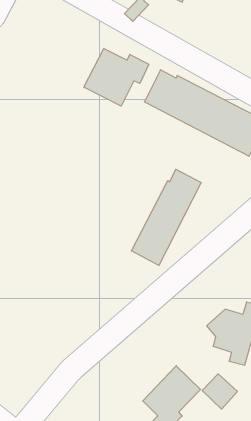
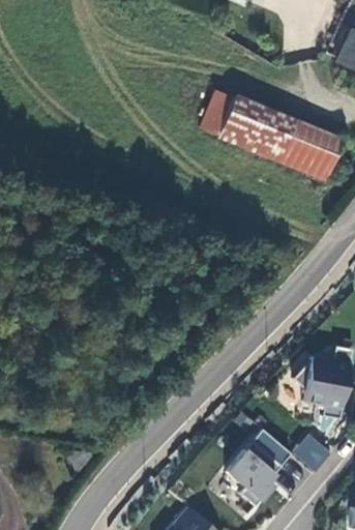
building: [84,48,149,106] -> none
building: [131,169,201,265] -> none

